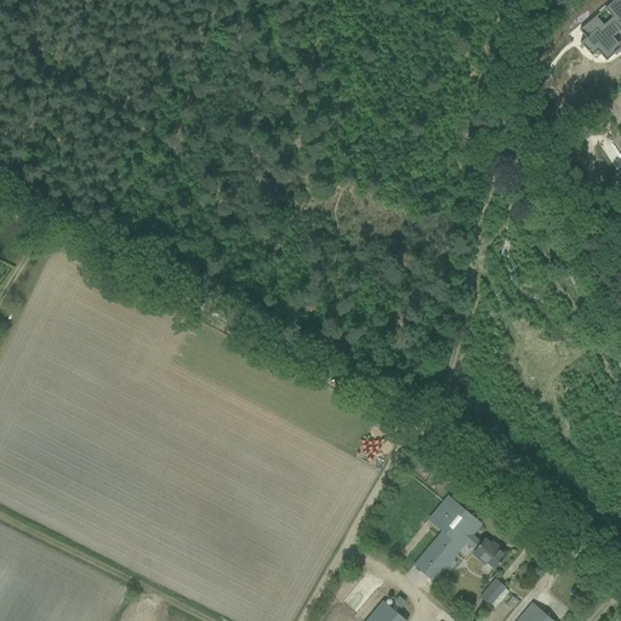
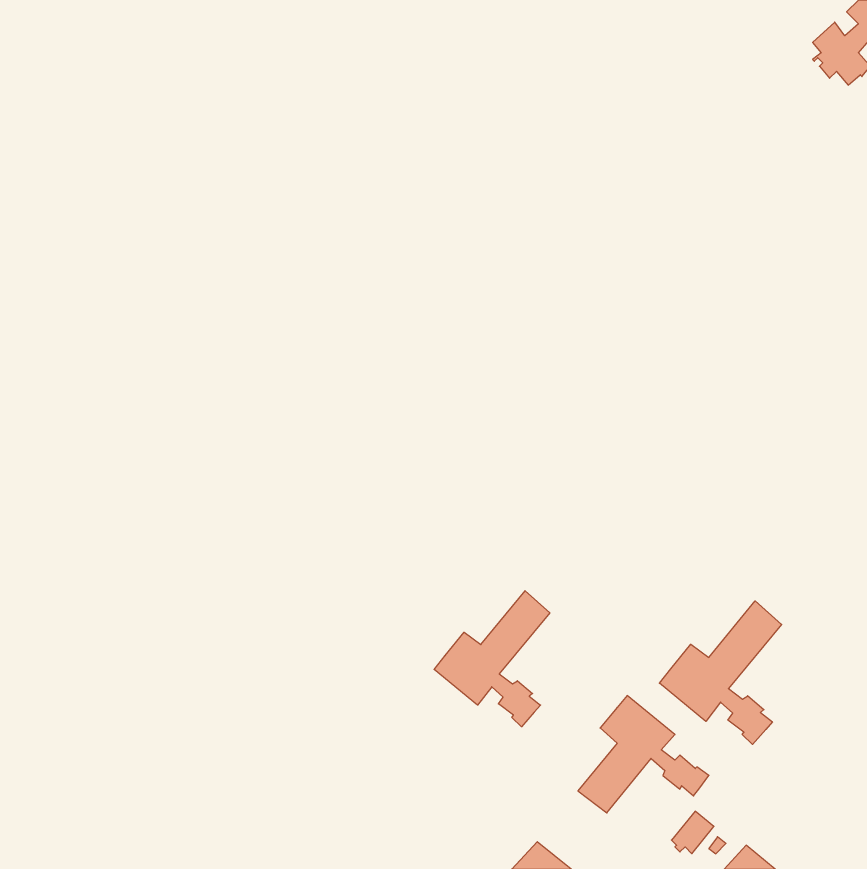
building: none -> [434,591,550,727]
building: none -> [659,601,782,744]

